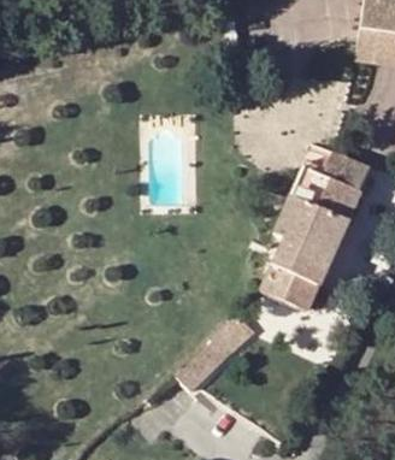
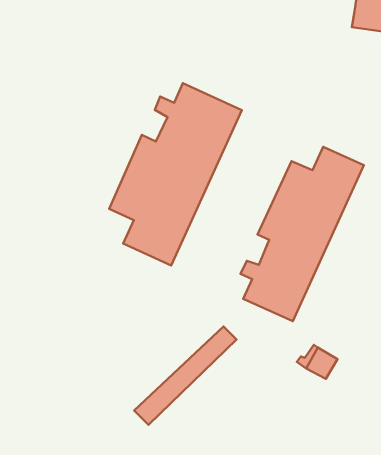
building: none -> [109,83,242,266]

